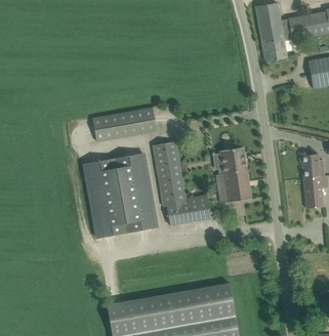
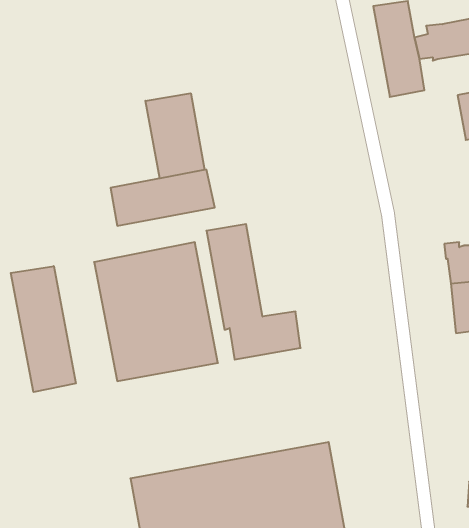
building: none -> [145,93,205,178]
building: [215,146,251,202] -> none
building: none -> [11,266,76,392]

